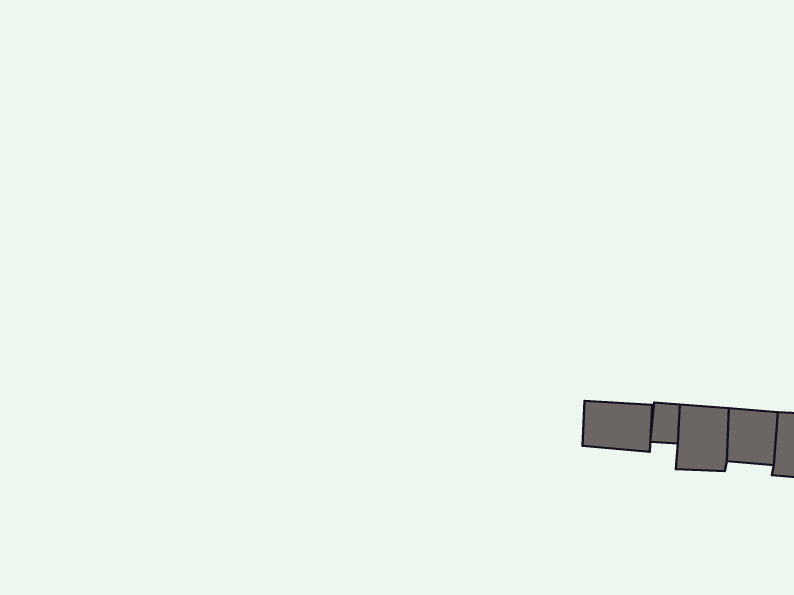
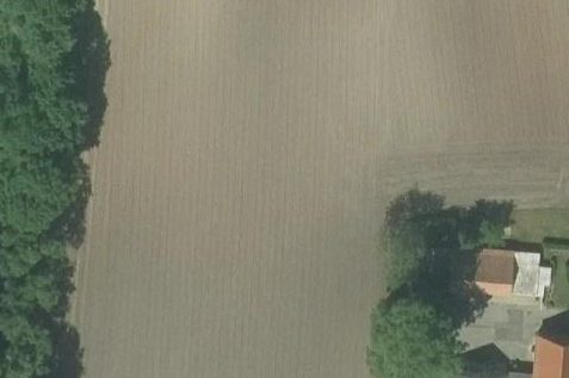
building: [582,401,652,452] -> none

